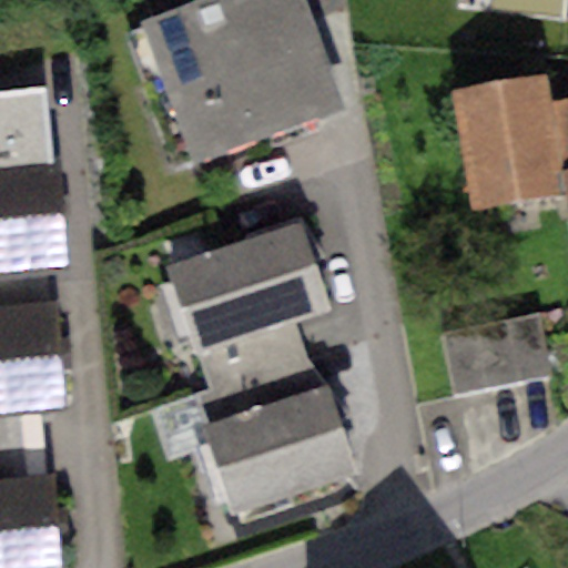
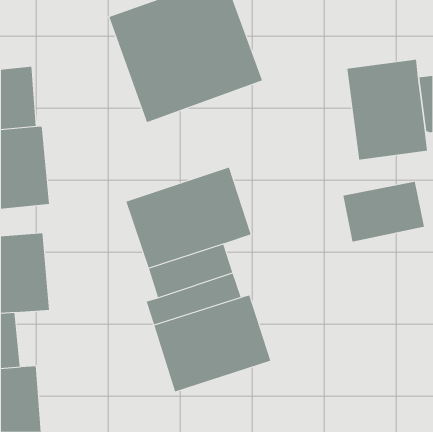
building: [442,314,549,394] -> [343,181,425,242]

